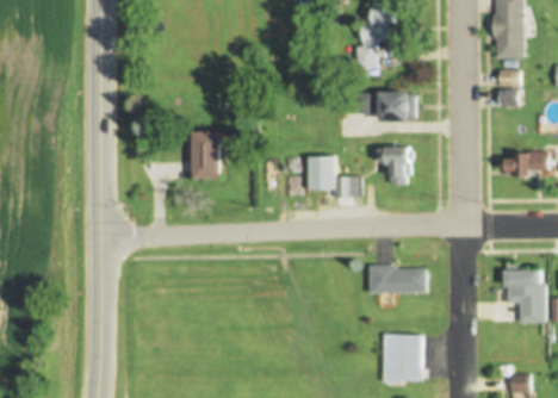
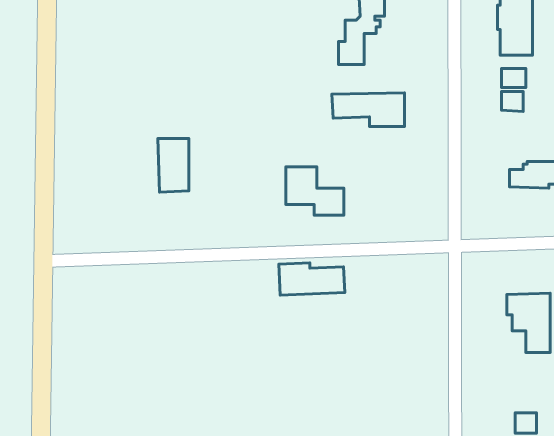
building: [379,147,413,185] -> none
building: [371,265,429,293] -> [279,263,345,295]
building: [382,334,423,383] -> none

